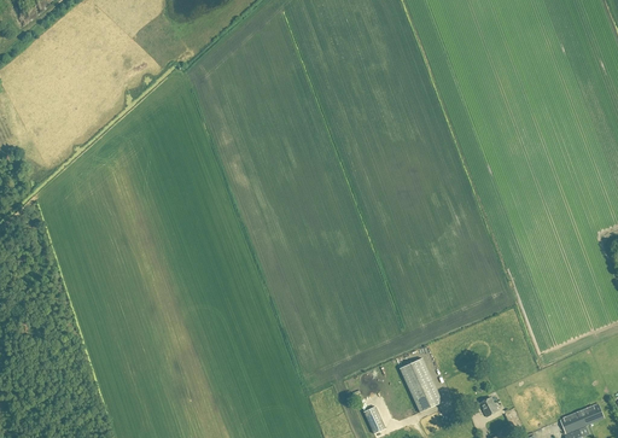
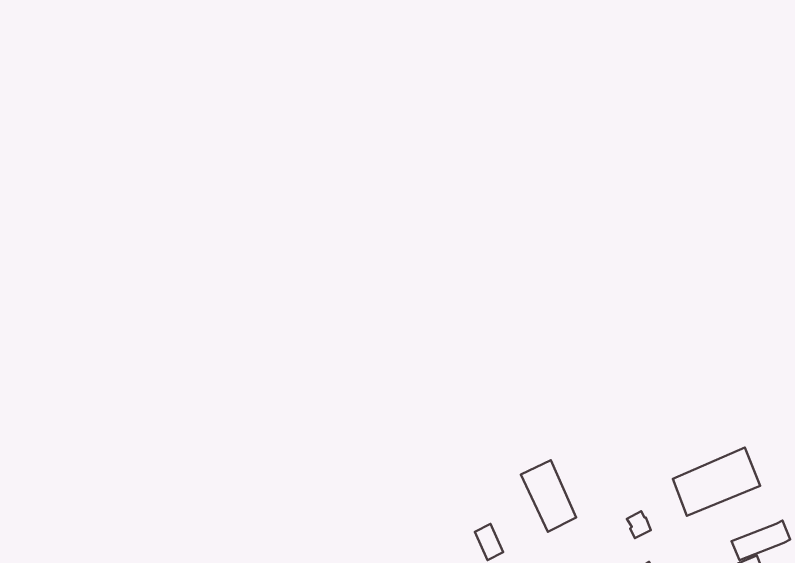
building: none -> [673,448,760,516]

